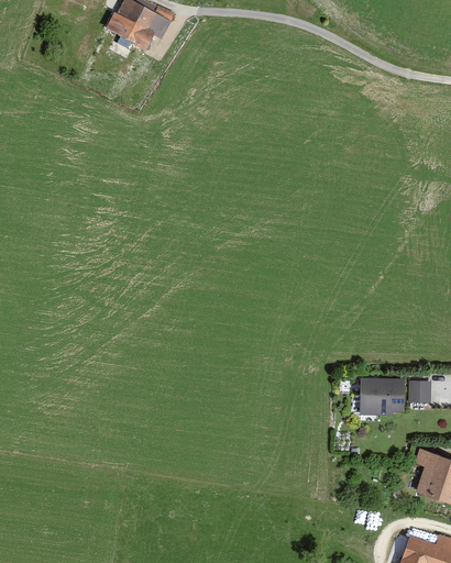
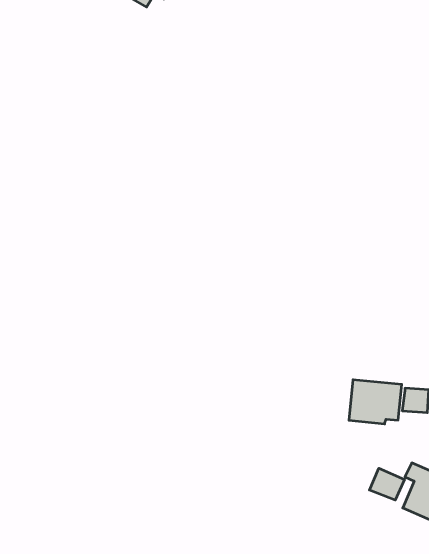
building: none -> [369,468,404,500]

